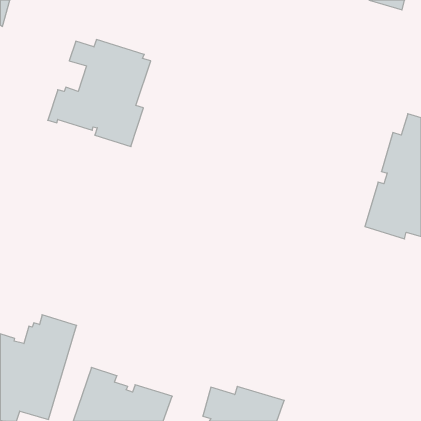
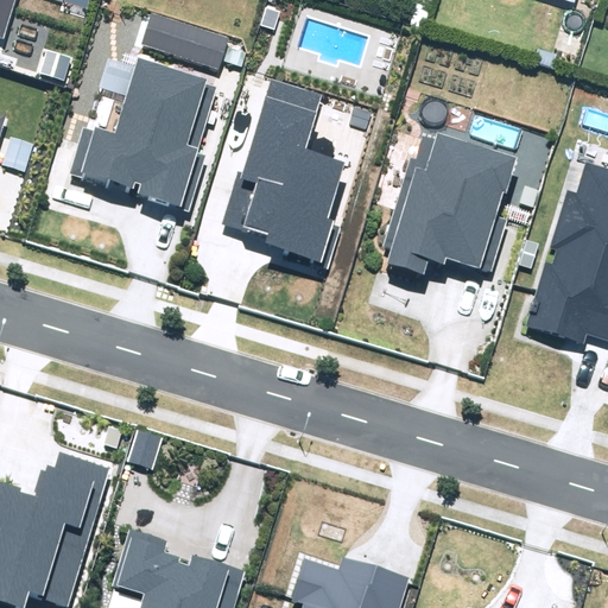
building: none -> [140,11,229,70]
building: none -> [221,80,344,270]
building: none -> [385,134,519,274]

